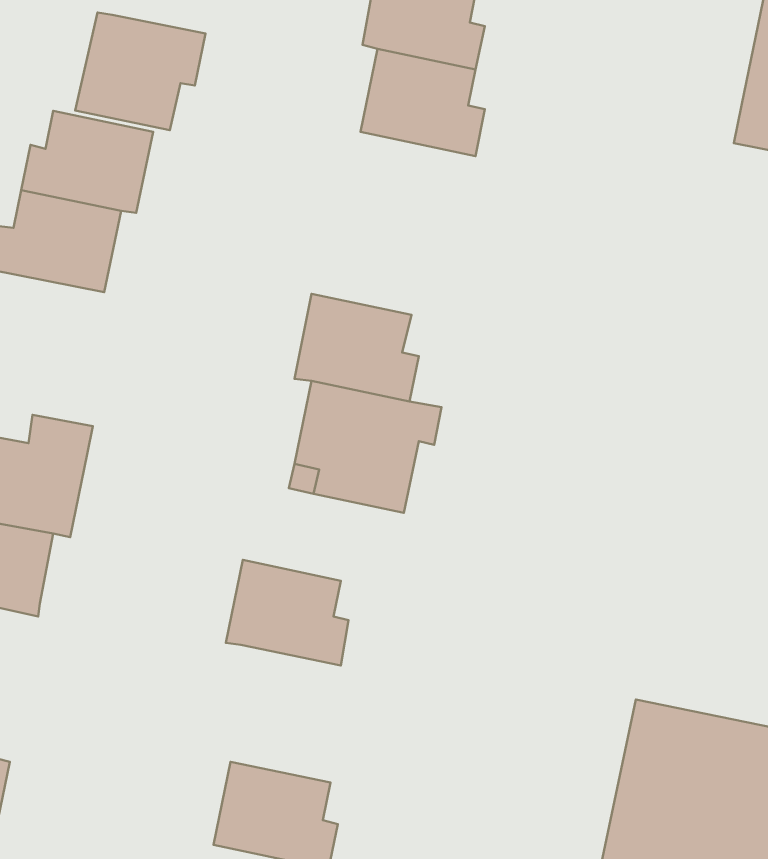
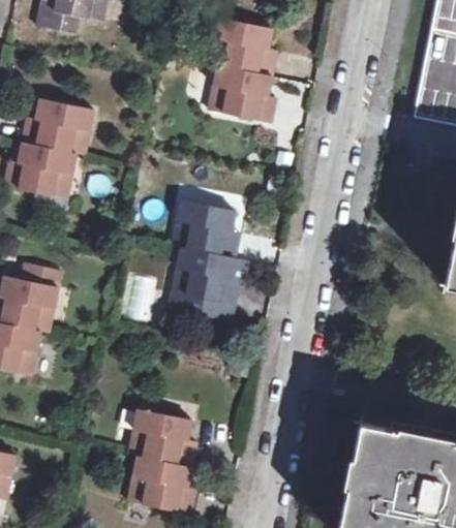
building: [75,12,205,130] -> none
building: [226,560,348,666] -> [129,409,196,467]

